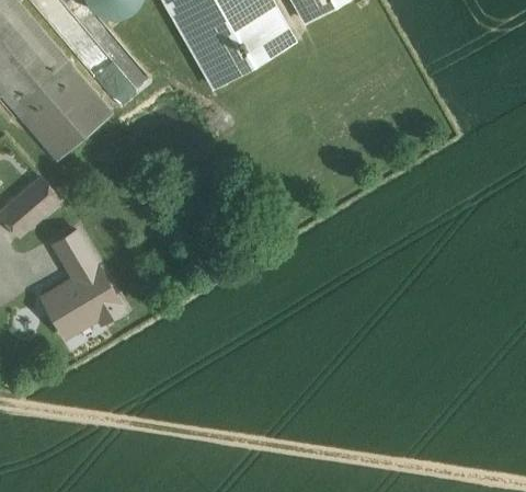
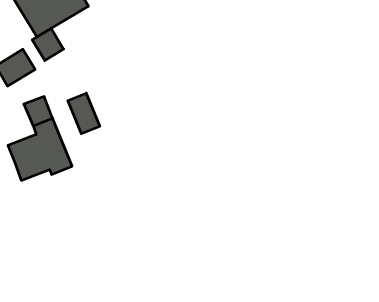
building: none -> [32,28,64,61]
building: none -> [68,93,100,134]

